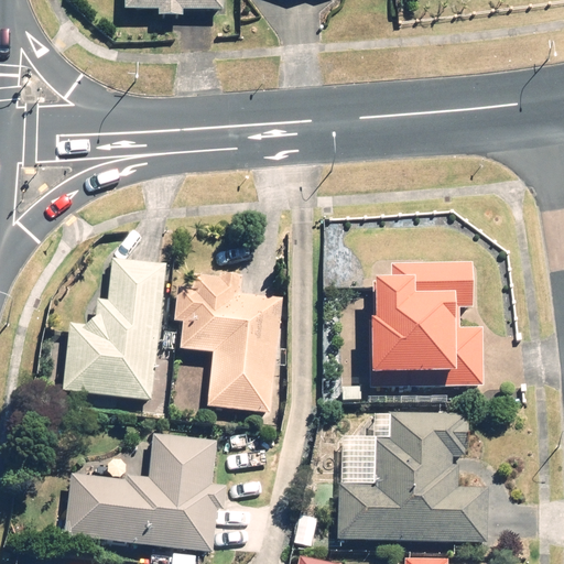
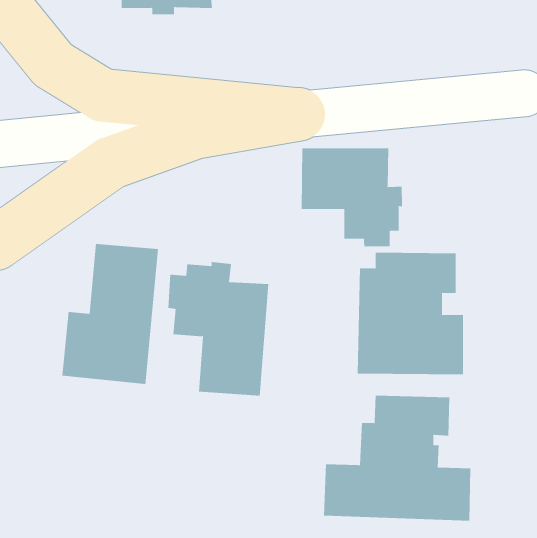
building: none -> [301,147,402,247]
building: [64,434,226,552] -> none

